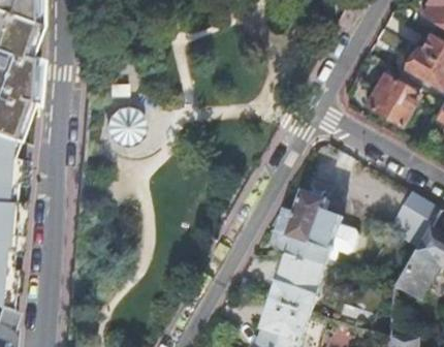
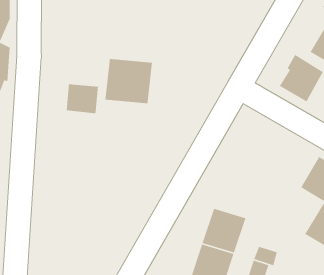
building: none -> [104,58,153,104]
building: [275,185,361,279] -> none

